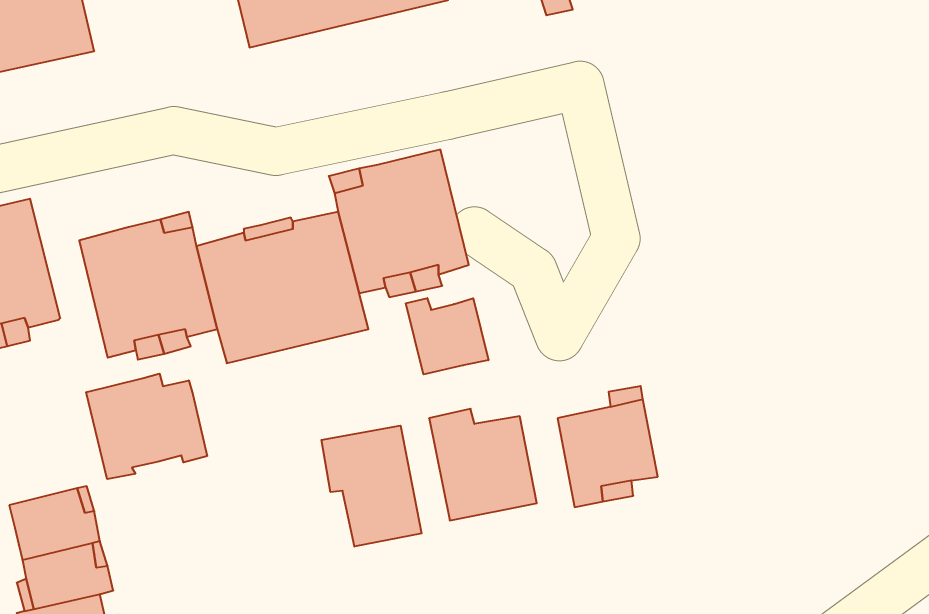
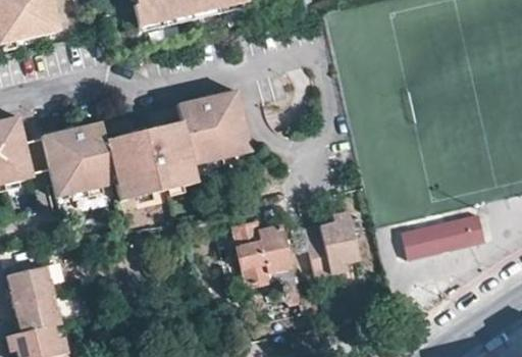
building: [406,298,488,374] -> none
building: [86,374,207,479] -> none
building: none -> [406,221,488,266]
building: [321,426,422,547] -> none

